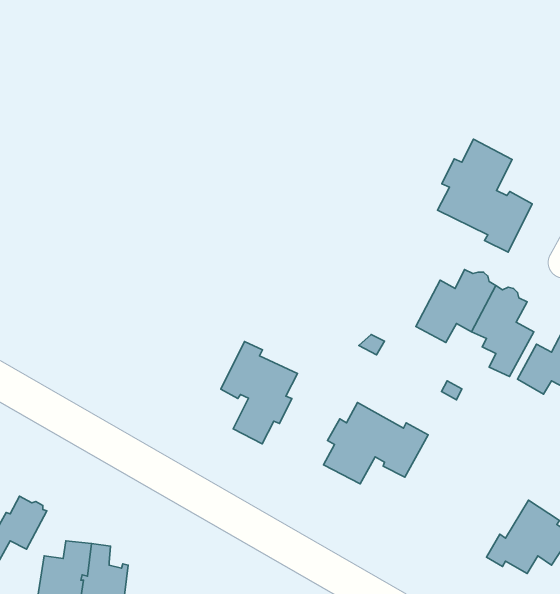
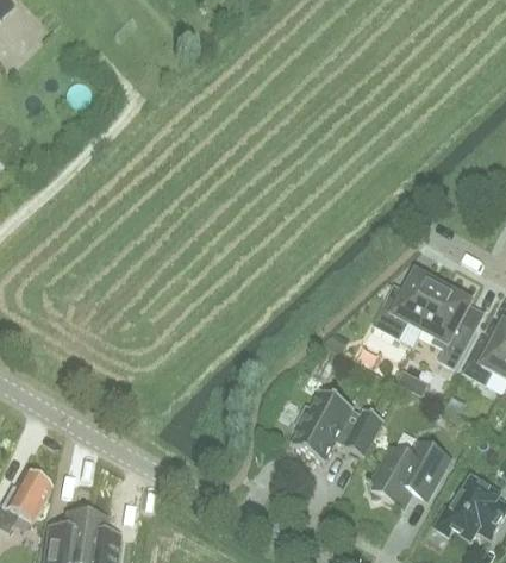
building: [438,139,532,252] -> none
building: [221,342,297,444] -> none
building: none -> [368,442,450,505]

